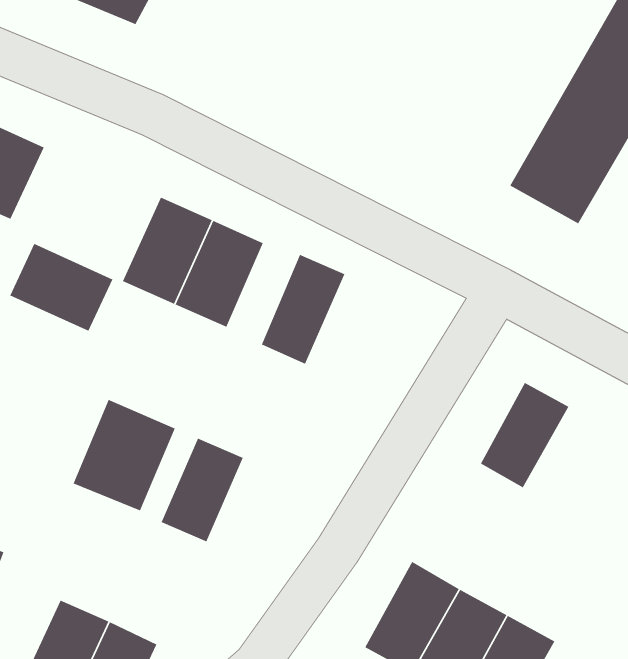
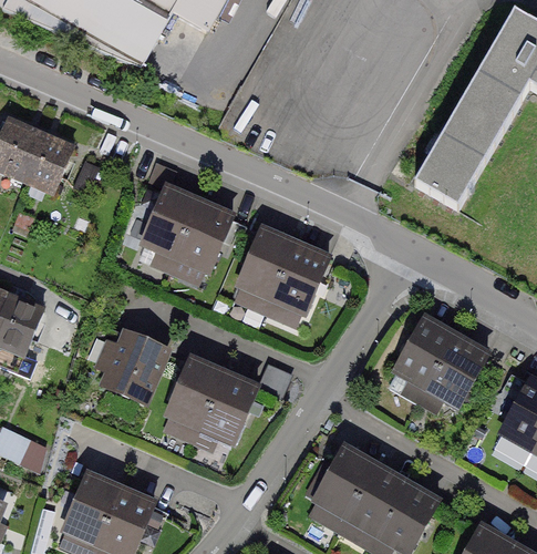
building: [9,243,113,332] -> none
building: none -> [266,239,328,319]
building: none -> [422,335,486,411]
building: none -> [195,371,254,445]

